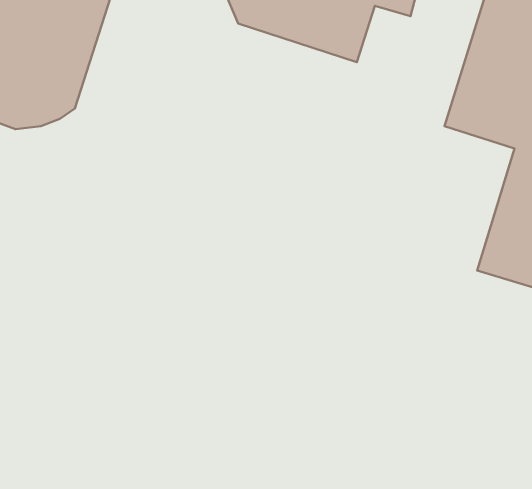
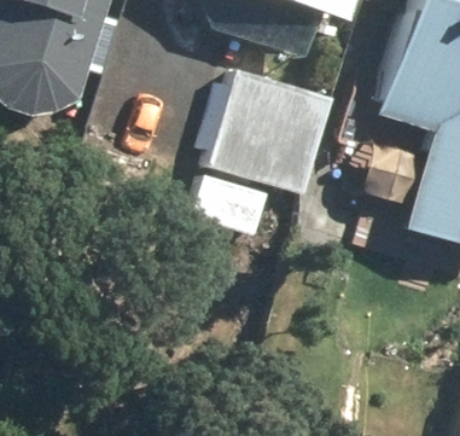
building: none -> [210,70,331,193]

